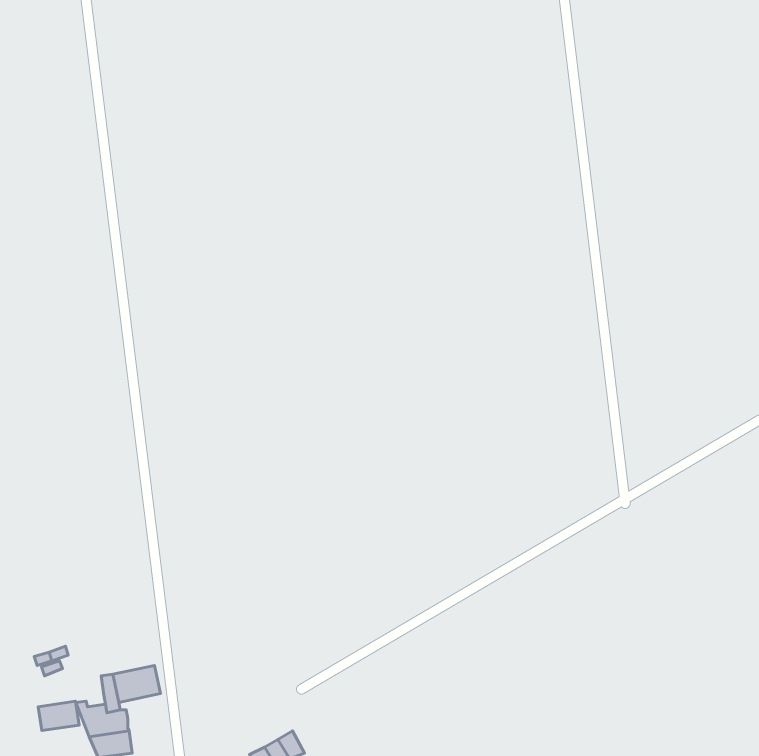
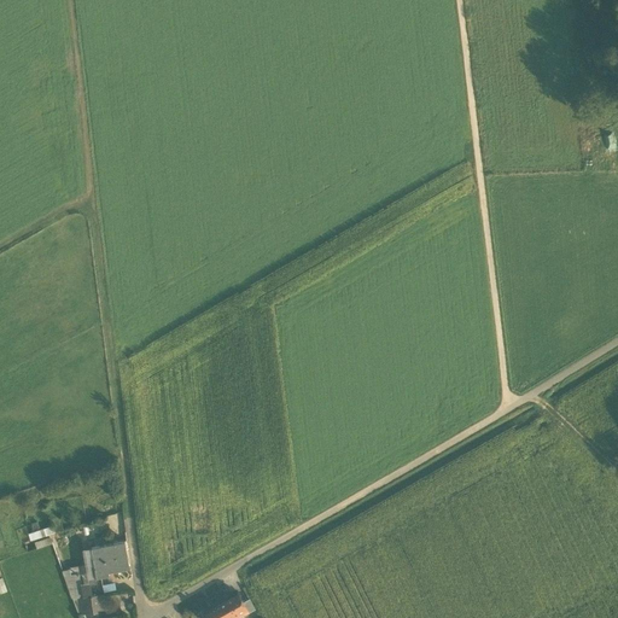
building: [38,701,79,731] -> none

